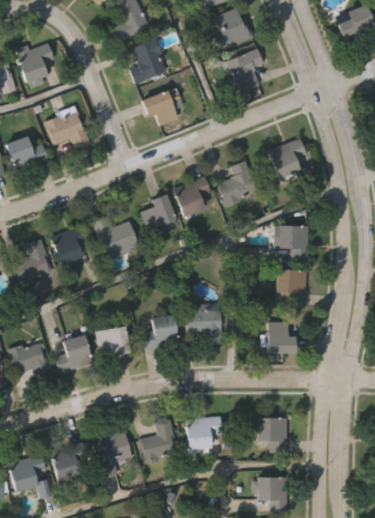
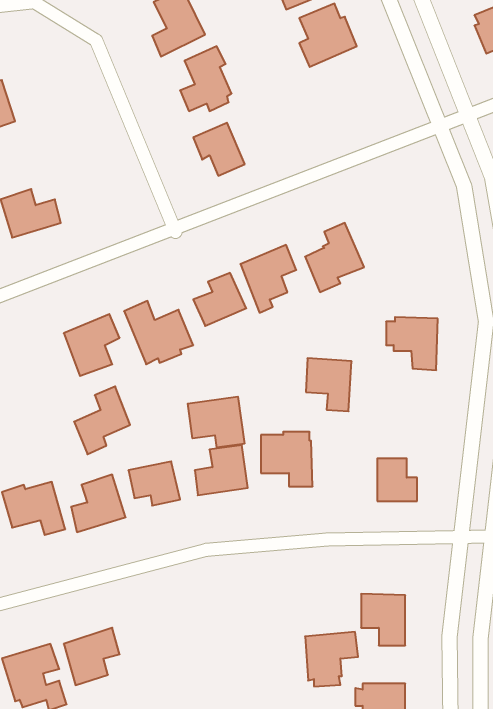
building: [16,42,54,86] -> none
building: [224,47,264,92] -> none
building: [43,101,90,148] -> none
building: [269,137,307,183] -> none
building: [11,238,50,285] -> [74,386,130,454]
building: [277,270,309,307] -> [306,358,352,411]
building: none -> [188,397,244,448]
building: [185,417,222,455] -> [305,632,358,686]
building: [138,419,180,464] -> none
building: [92,430,133,478] -> none

